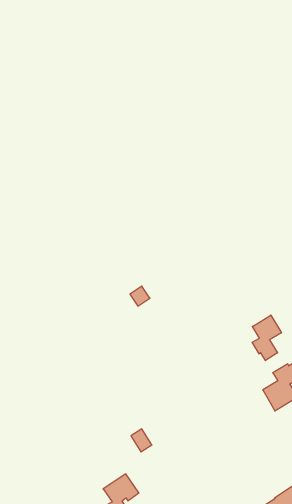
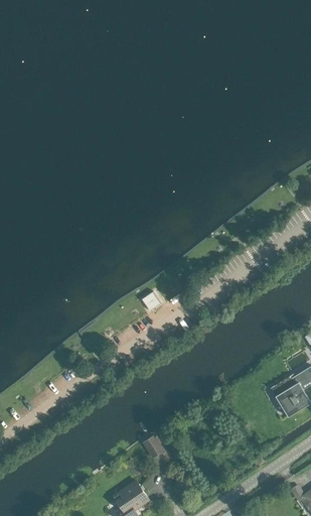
building: [252,315,281,361] -> none

